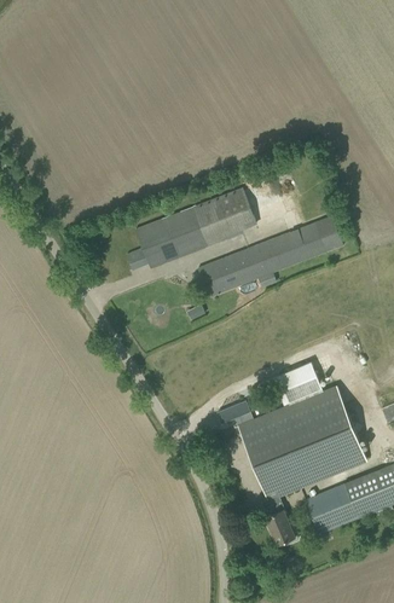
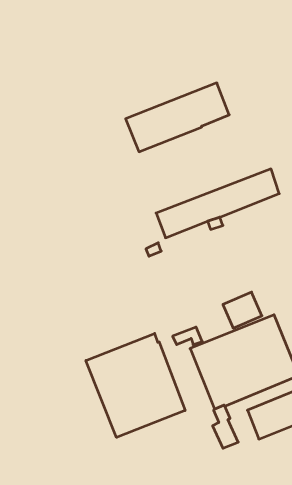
building: [135,186,257,267] -> [126,83,229,152]
building: none -> [86,333,185,437]

